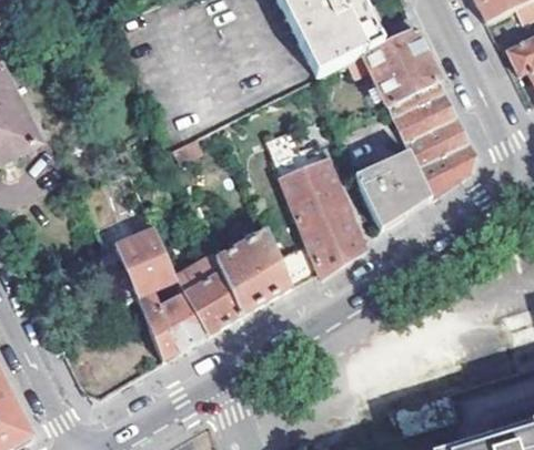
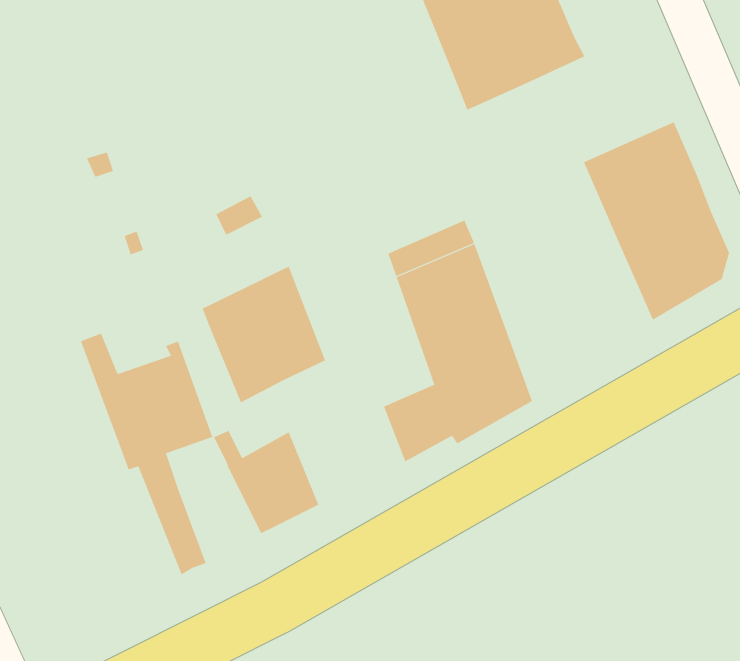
building: [349,27,439,104] -> none
building: [356,149,432,227] -> none
building: [216,232,291,314] -> [202,266,326,403]
building: [159,293,209,351] -> none

